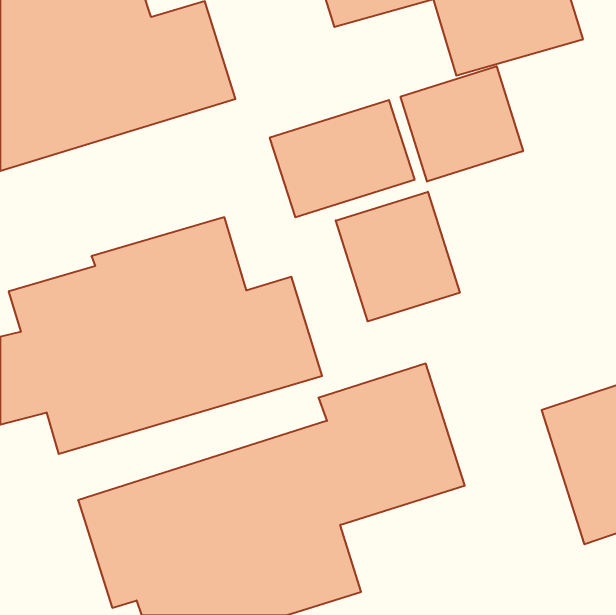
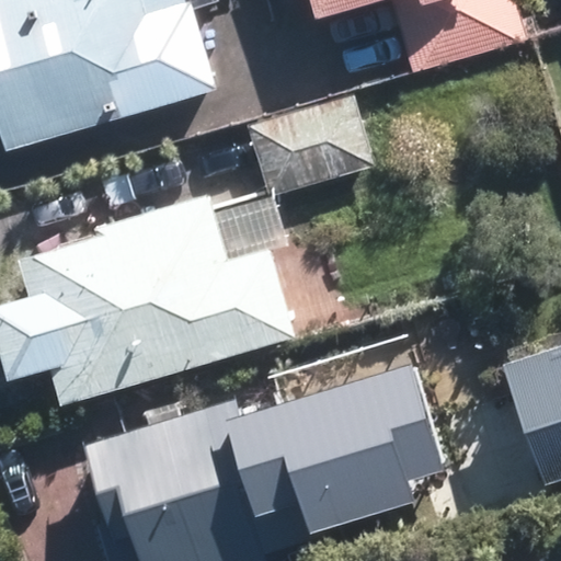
building: [401,66,523,182] -> none
building: [336,192,460,321] -> none

